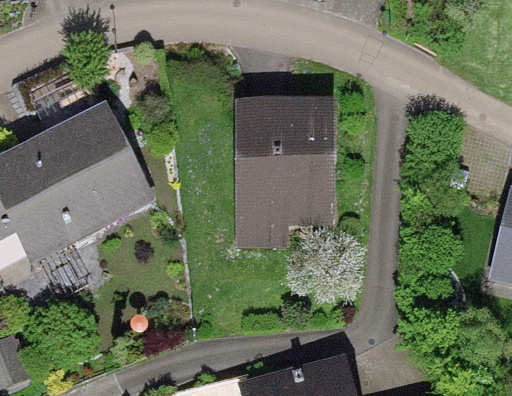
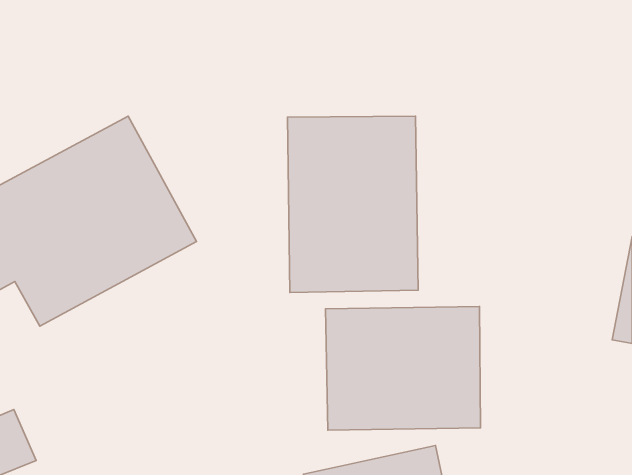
building: none -> [326,307,481,430]

